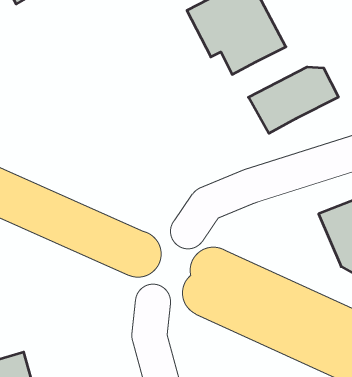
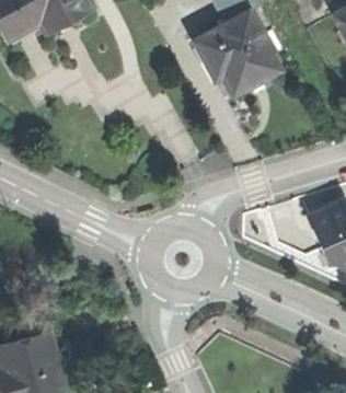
building: [248,67,338,133] -> none

